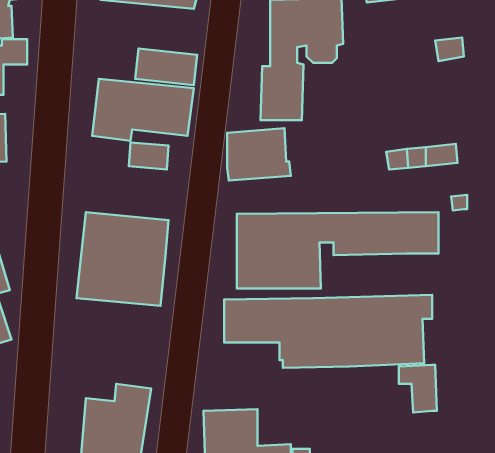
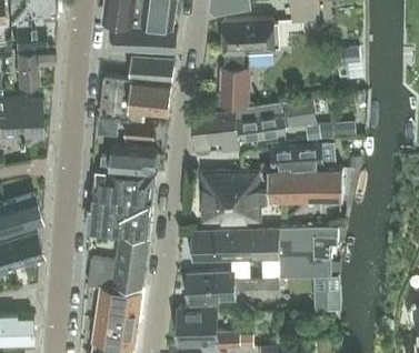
building: none -> [111,27,177,54]
building: none -> [236,99,316,140]
building: none -> [271,144,335,167]
building: none -> [110,145,159,174]
building: none -> [88,236,148,290]
building: none -> [187,273,280,302]

